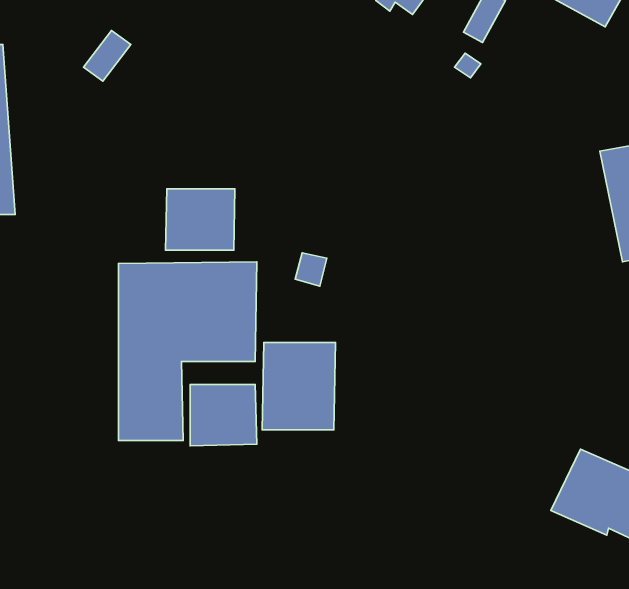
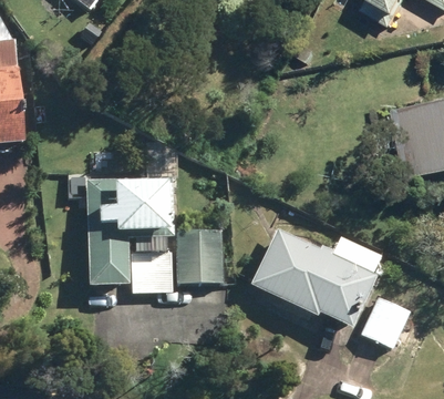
building: [166,189,235,250] -> none
building: none -> [247,227,374,332]

